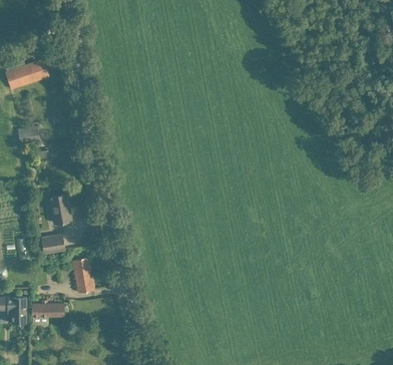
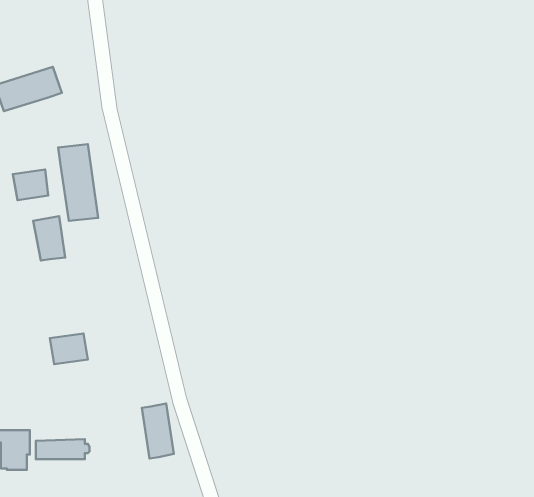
building: none -> [58,144,98,221]
building: [49,194,70,223] -> [33,216,65,261]
building: [72,257,93,293] -> [142,403,174,459]

